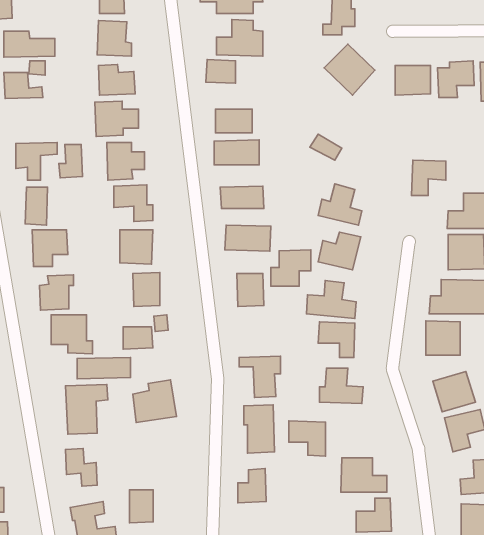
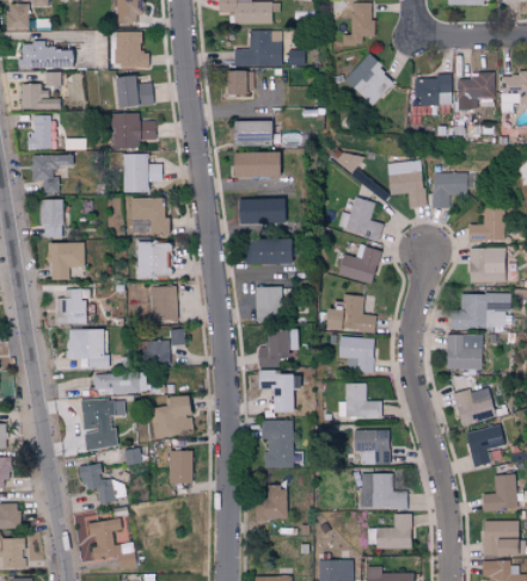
building: [59,145,82,178] -> [27,116,51,149]
building: none -> [388,161,424,207]
building: [271,250,311,286] -> [258,329,299,366]
building: [289,421,325,456] -> [354,429,391,465]
building: [130,490,153,523] -> [170,451,194,484]

